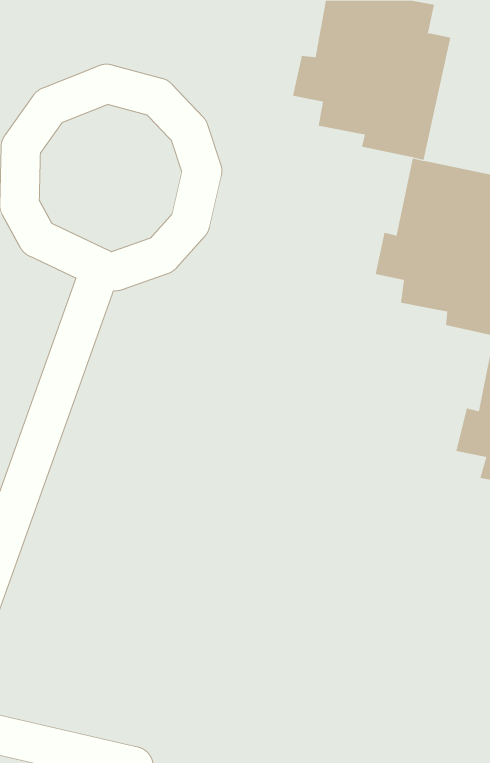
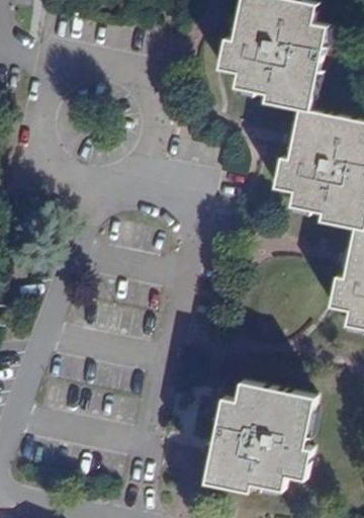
building: none -> [206,382,313,491]

